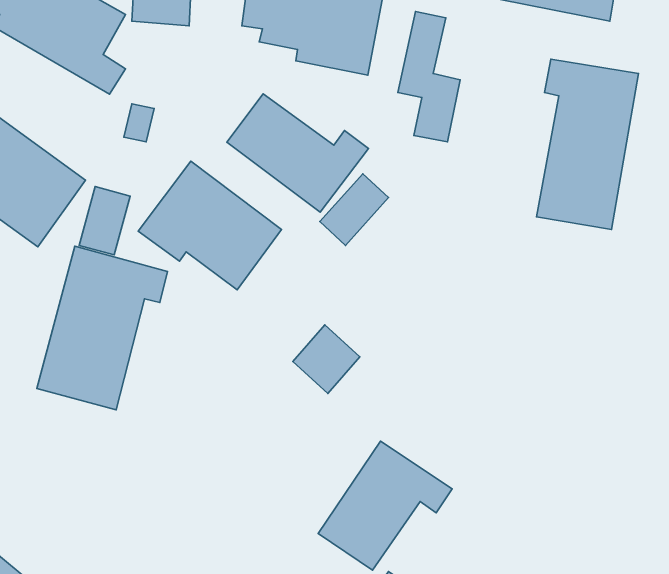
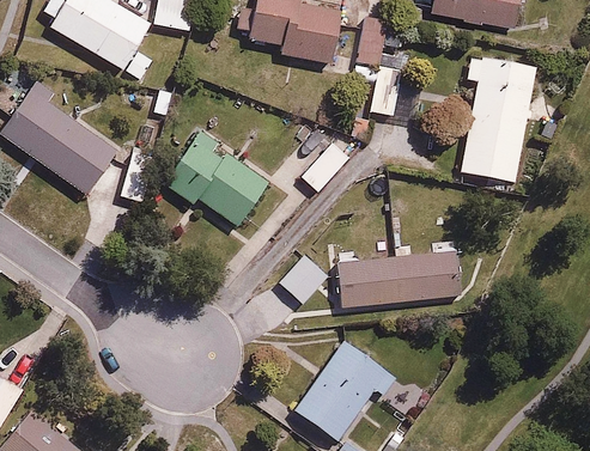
building: [227,94,368,212] -> none
building: [37,246,167,410] -> none
building: none -> [335,251,461,307]

